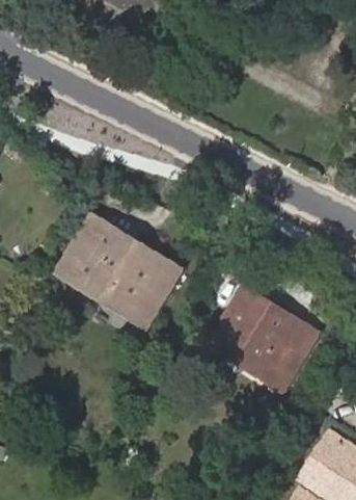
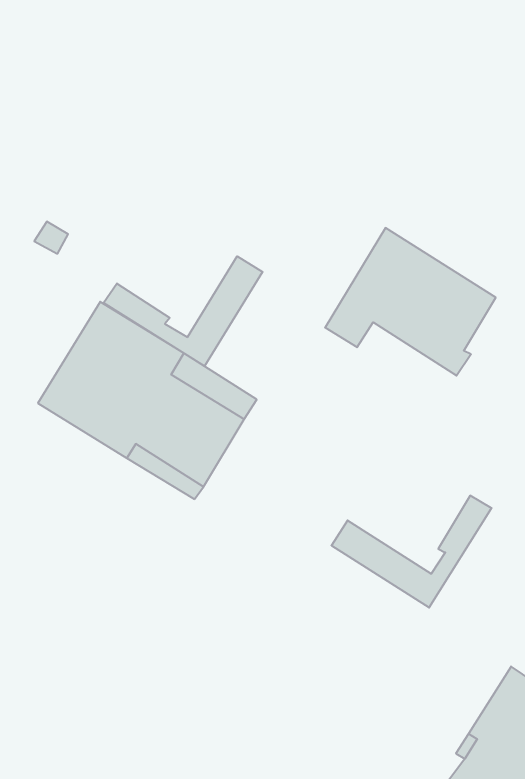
building: none -> [104,256,263,366]
building: [207,286,306,372] -> [325,228,496,376]

